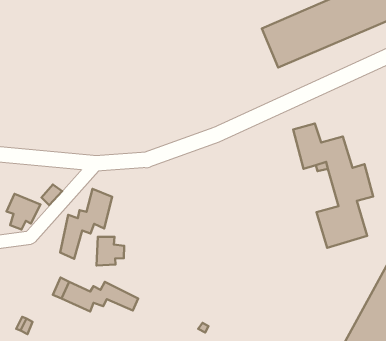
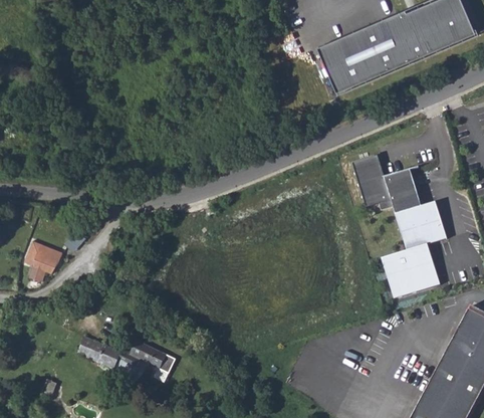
building: [60,189,112,259] -> none
building: [97,237,124,265] -> none

